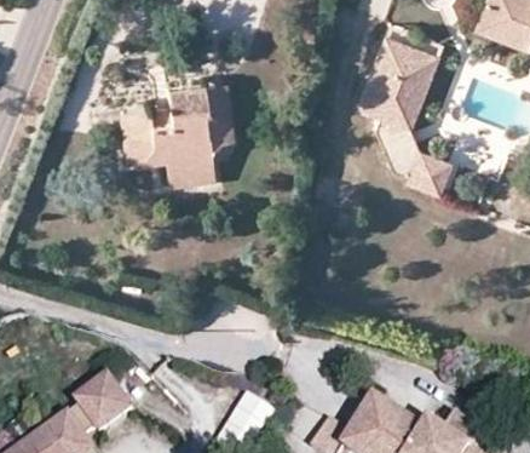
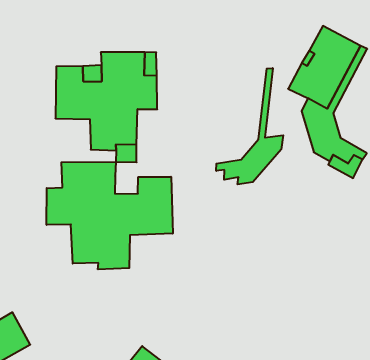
building: none -> [216,68,283,184]
building: none -> [47,162,173,269]

